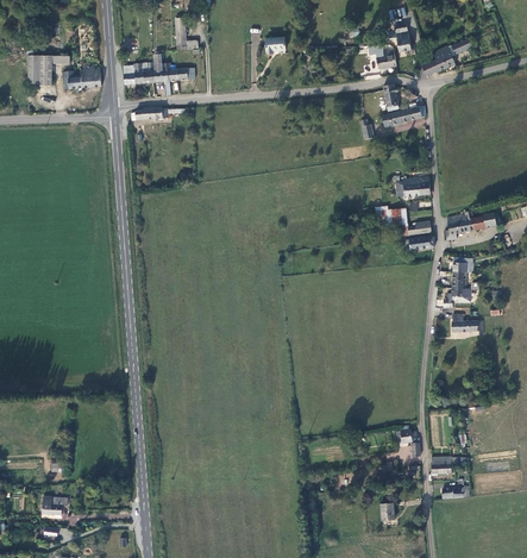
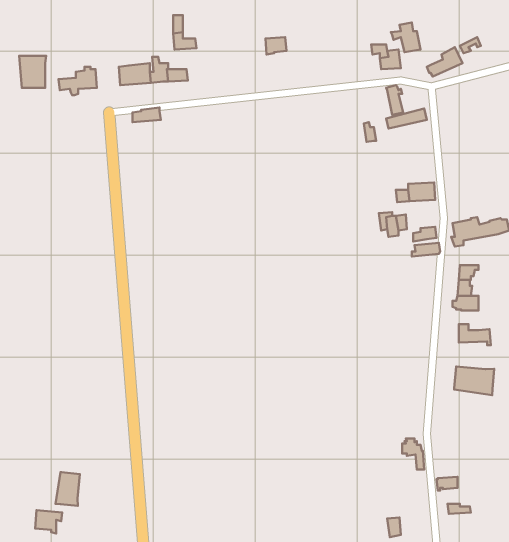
building: none -> [454,367,494,395]
building: none -> [55,472,80,506]

